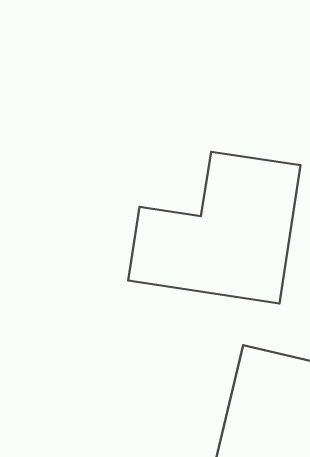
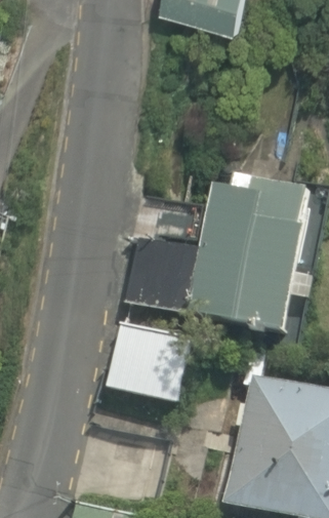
building: none -> [102,309,192,404]

